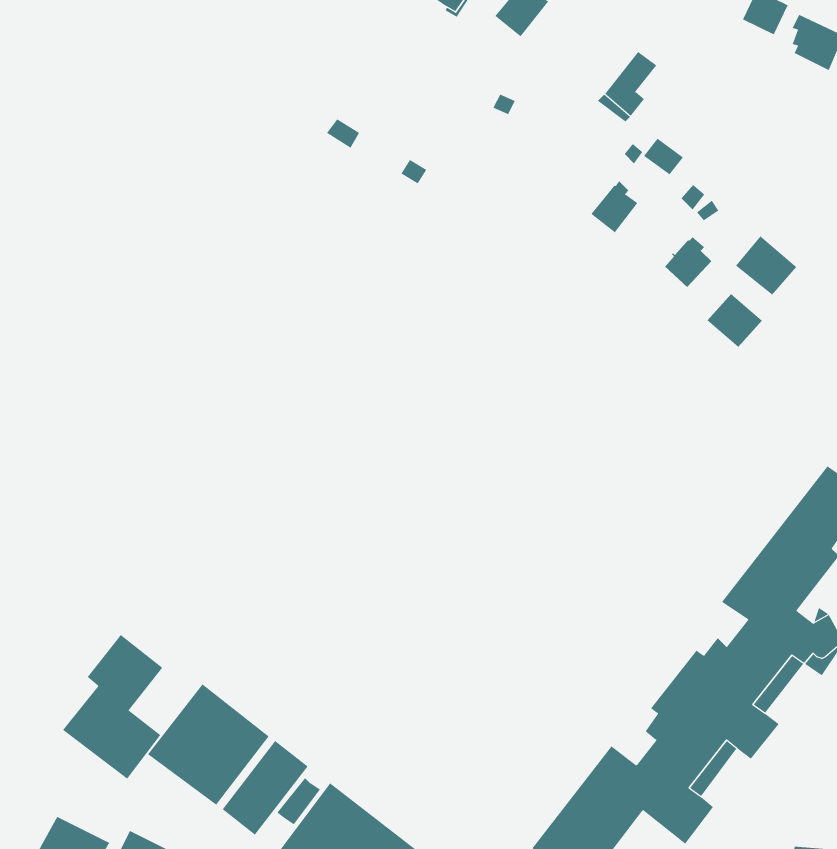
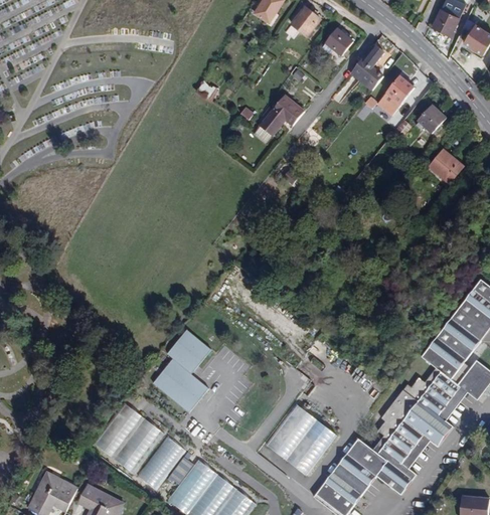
building: none -> [323,26,353,54]
building: none -> [260,94,304,135]
building: [590,180,638,233] -> [386,72,414,103]
building: [664,237,712,288] -> [419,103,446,132]
building: [706,293,763,348] -> none
building: [62,634,163,780] -> [153,332,210,414]
building: none -> [267,404,336,474]

